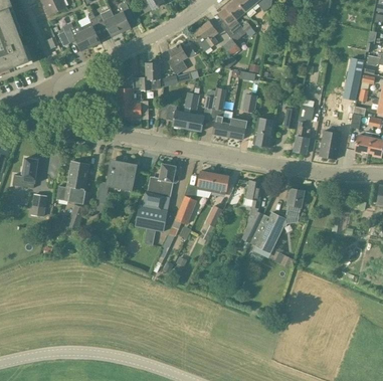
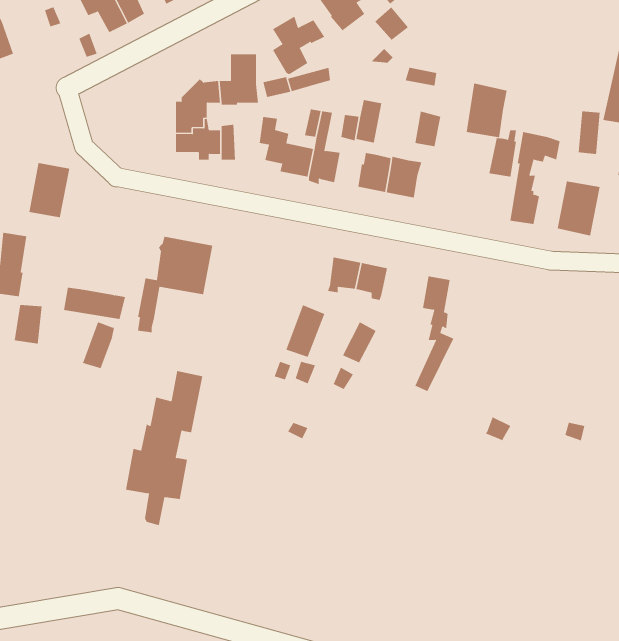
building: [253,117,275,146] -> [466,83,508,138]
building: [67,161,89,190] -> [28,163,70,218]
building: [135,163,176,245] -> [125,370,203,526]
building: [255,187,305,253] -> none

